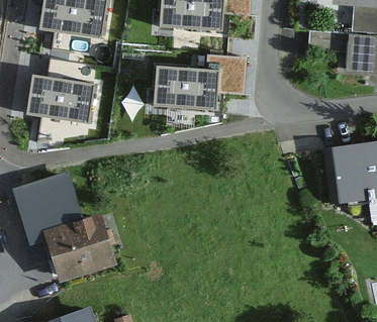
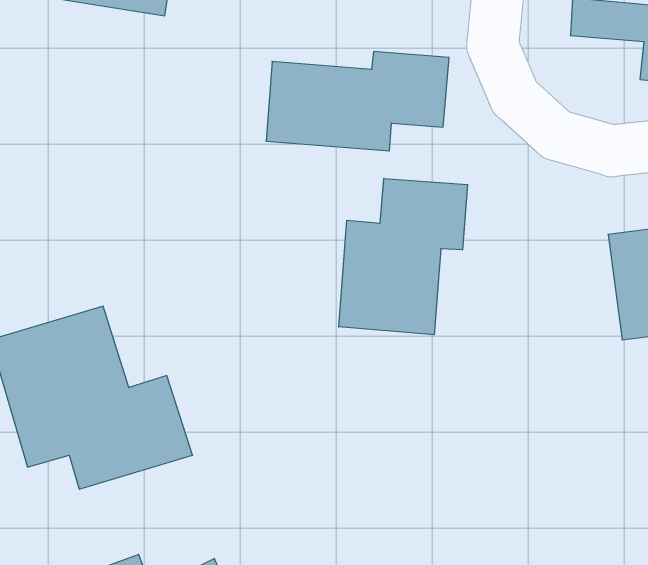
building: [25,72,94,122] -> none
building: none -> [339,178,468,335]

